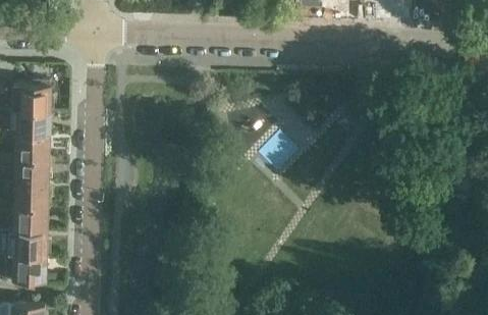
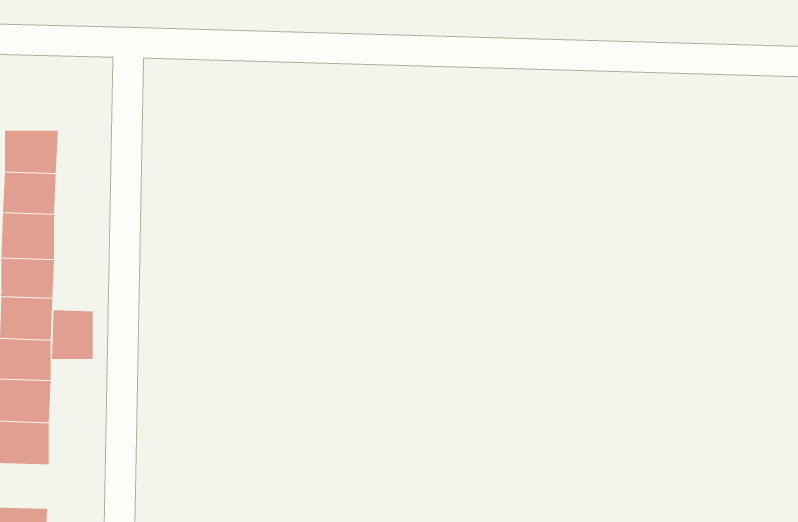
building: none -> [51,309,93,360]

